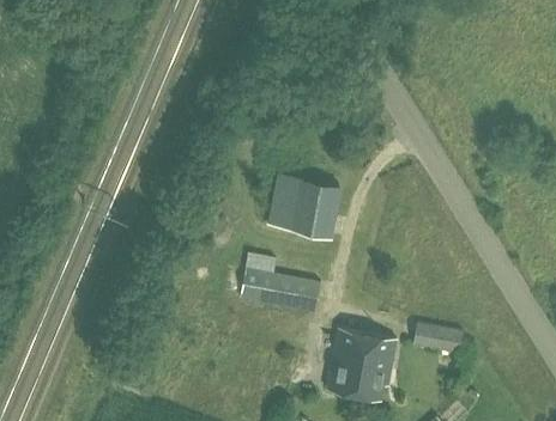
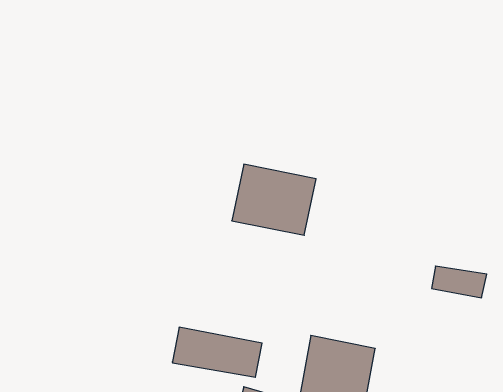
building: [240,267,321,312] -> [172,327,262,377]
building: [413,323,464,352] -> [432,266,487,298]

